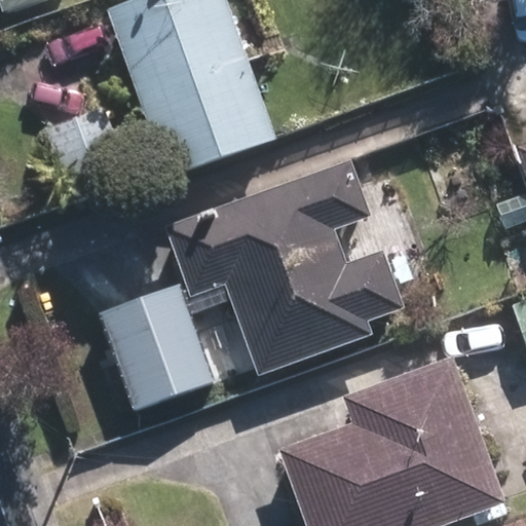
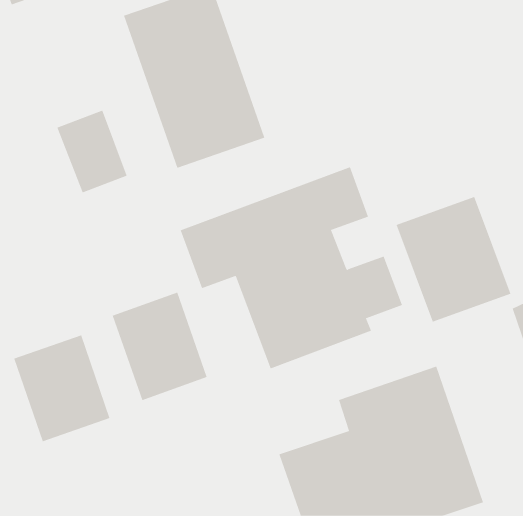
building: none -> [396,196,511,323]
building: none -> [14,334,110,442]

